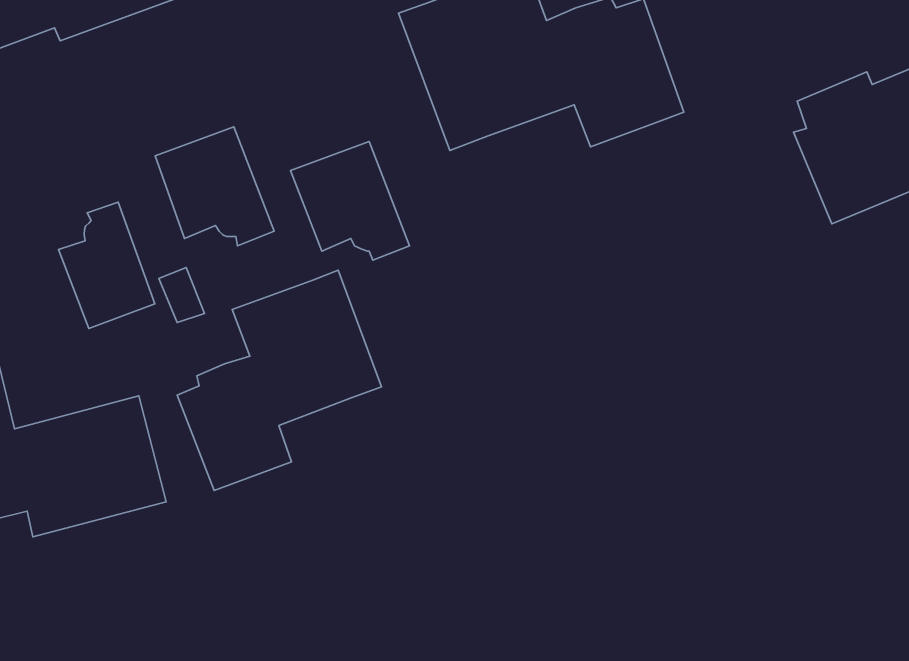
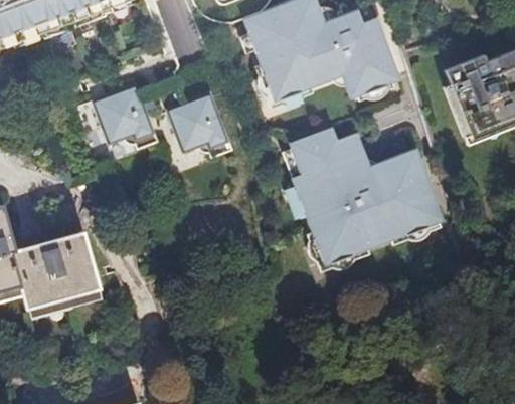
building: none -> [276,125,430,261]
building: [58,202,155,328] -> none
building: [177,270,382,490] -> none

